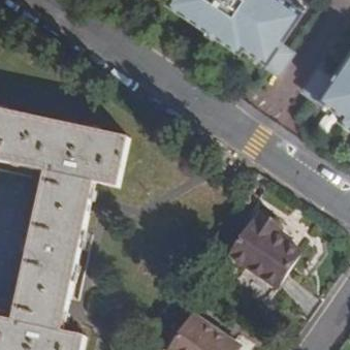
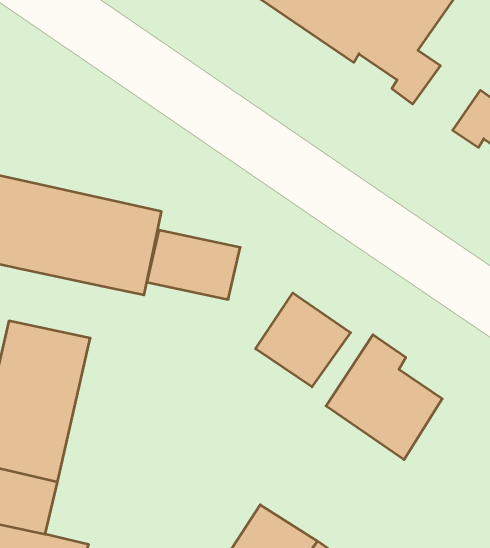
building: [37,170,93,212] -> [147,230,240,299]
building: none -> [256,293,351,387]

